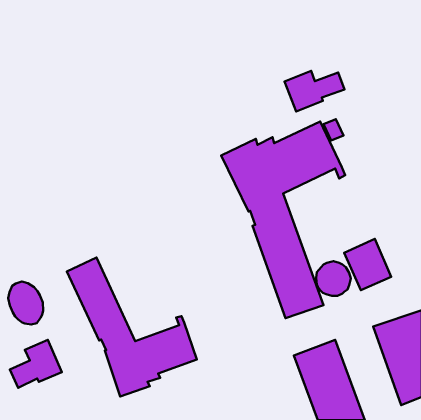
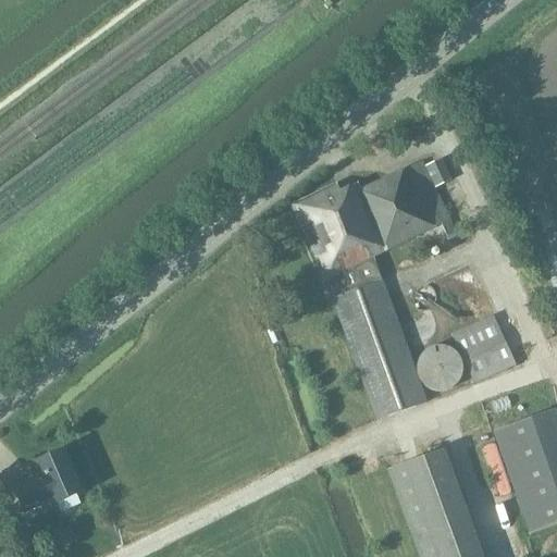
building: [285,71,344,111] -> none
building: [67,257,197,397] -> none
building: [8,281,43,324] -> none

